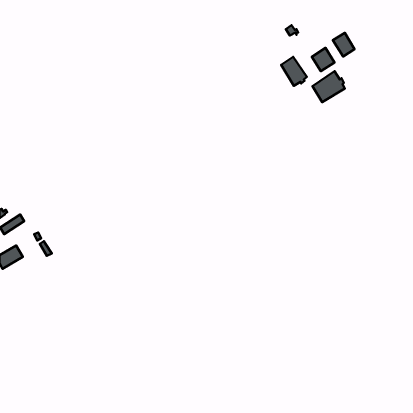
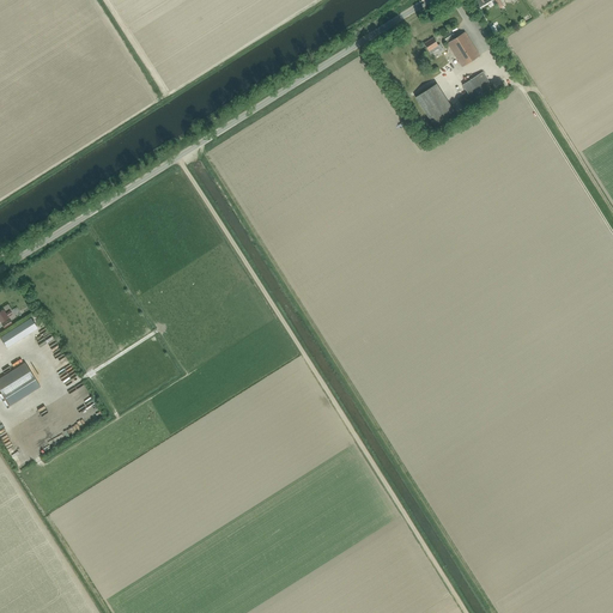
building: [333,33,355,56] -> [445,31,478,66]
building: [312,71,345,102] -> none

